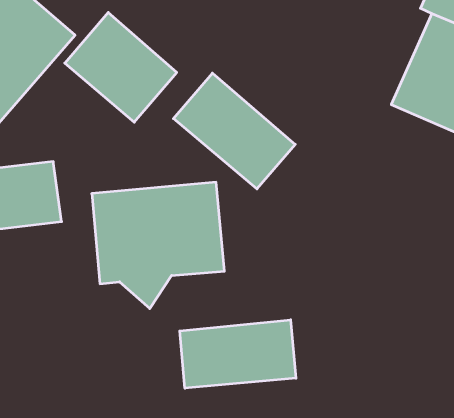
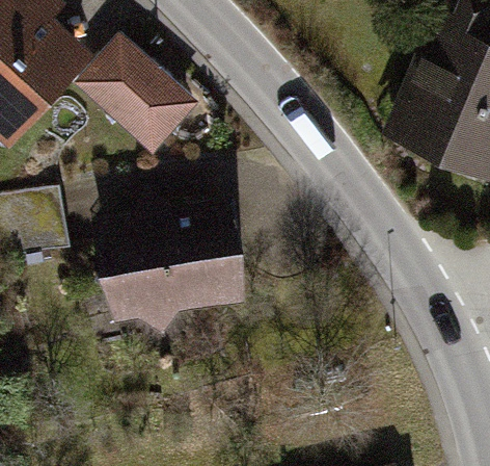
building: [173,73,295,189] -> none
building: [180,320,296,388] -> none

